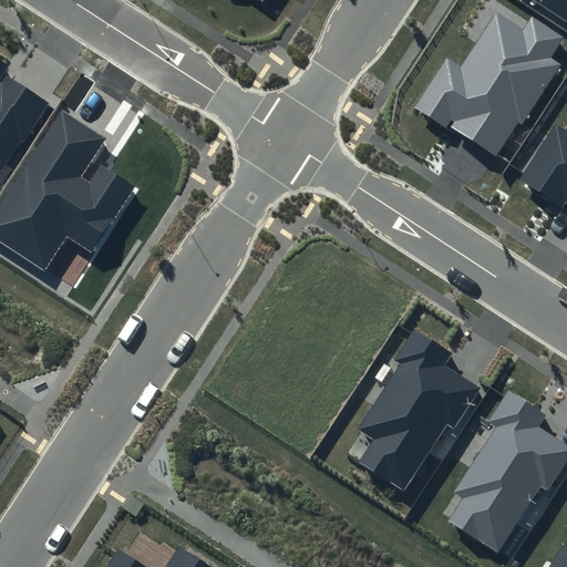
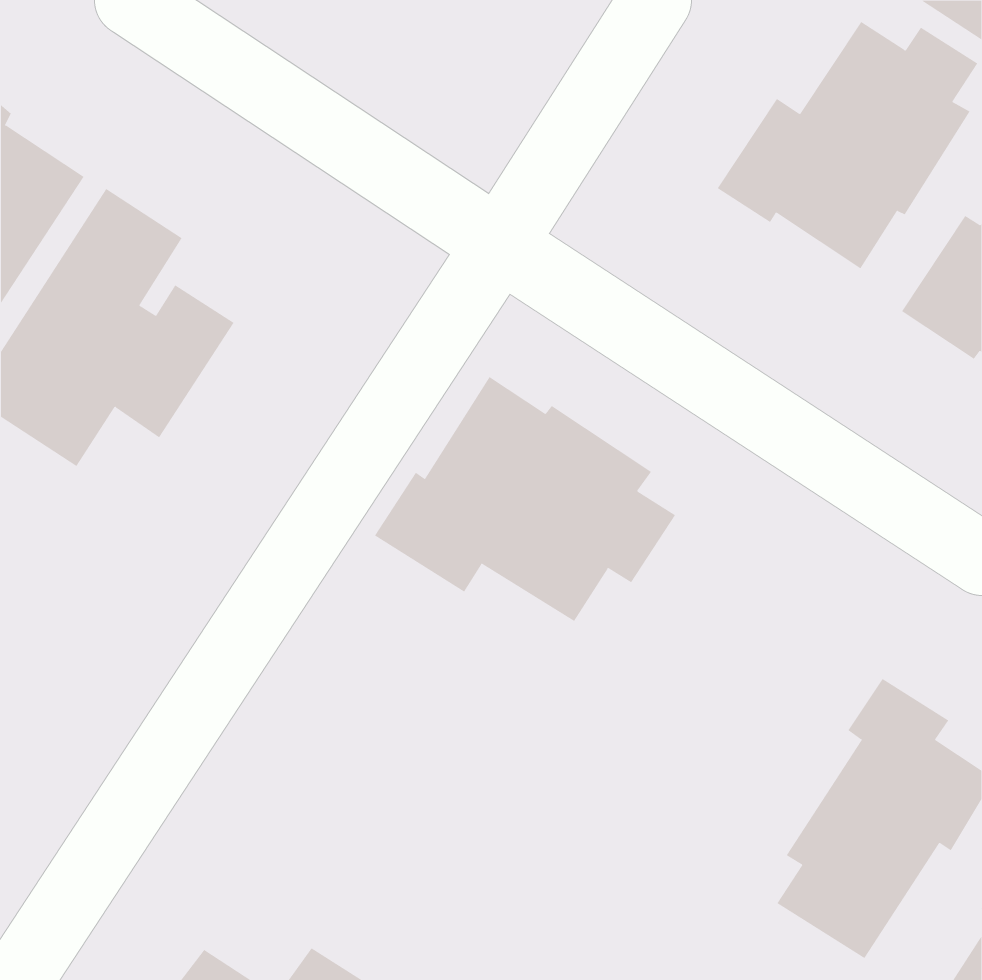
building: none -> [374,376,676,622]
building: [358,329,481,492] -> none

